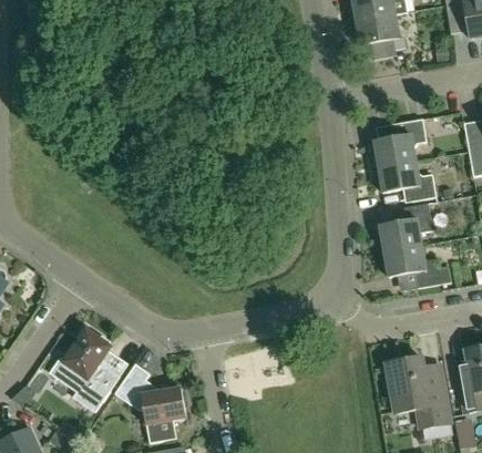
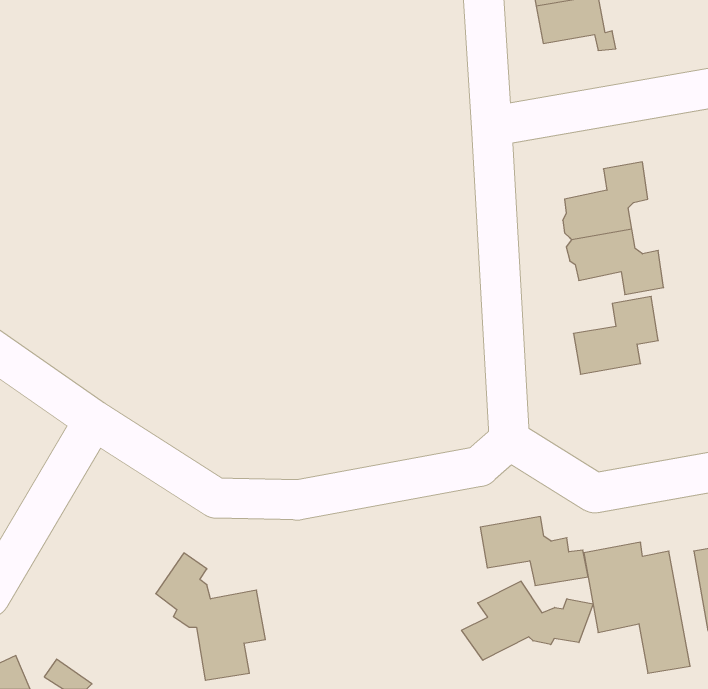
building: [383,244,451,287] -> [480,517,588,586]
building: [50,328,115,404] -> none
building: none -> [462,581,593,660]

